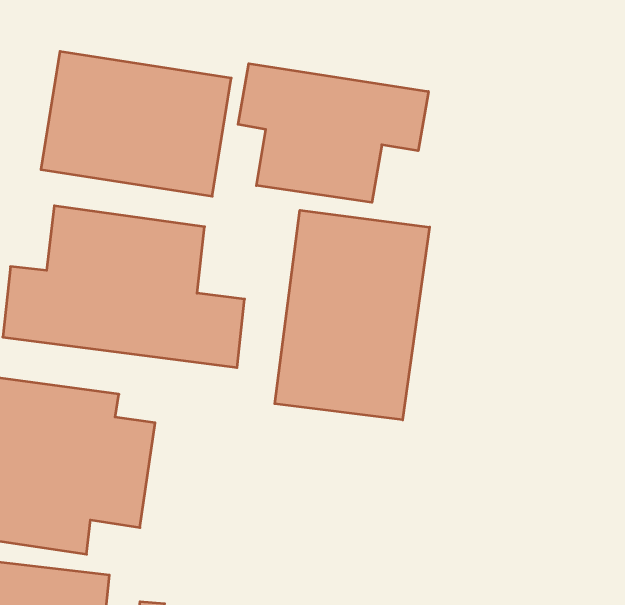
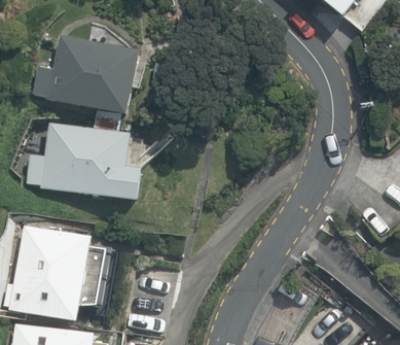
building: [238,64,428,202] -> none
building: [275,210,430,420] -> none

